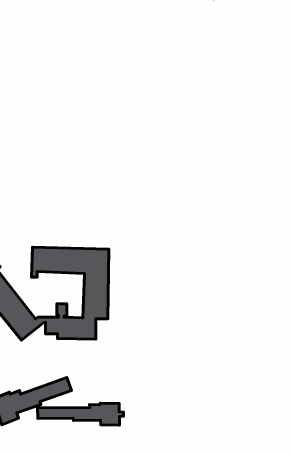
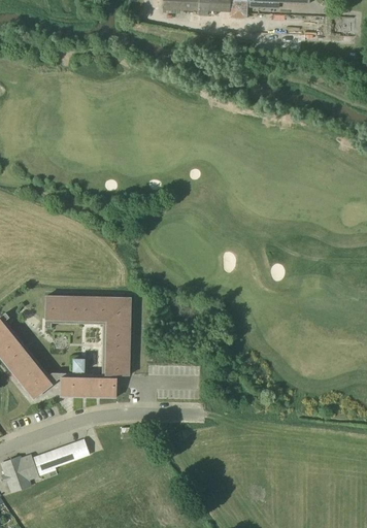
building: [38,403,124,425] -> none

